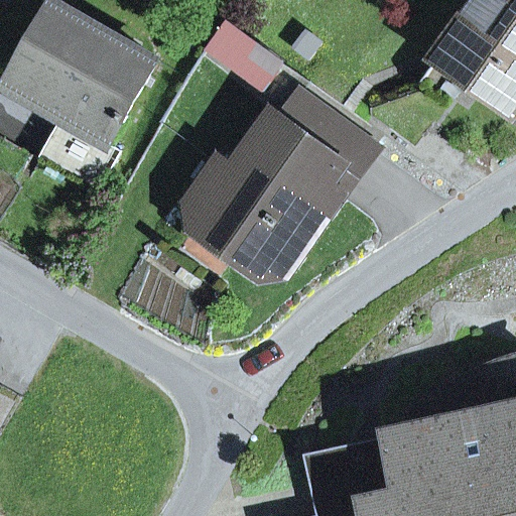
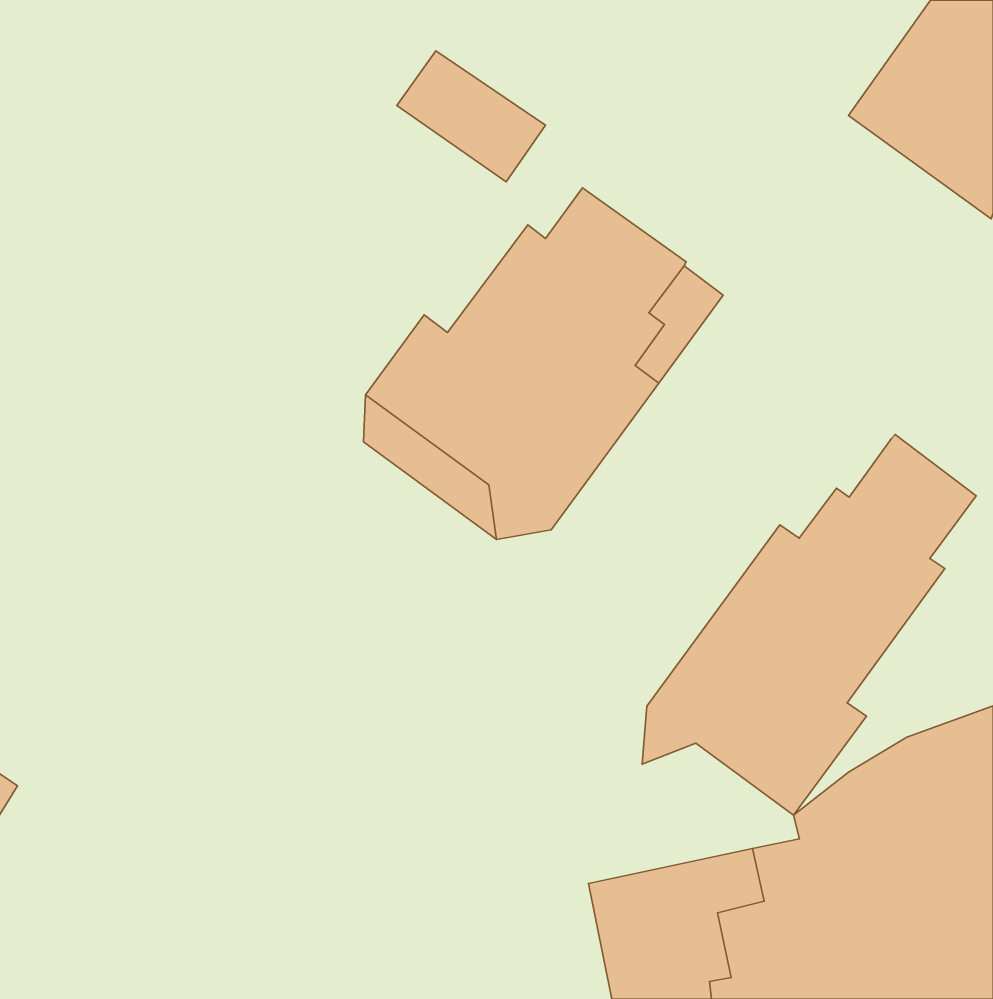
building: [11,4,155,194] -> none
building: none -> [642,434,976,815]

